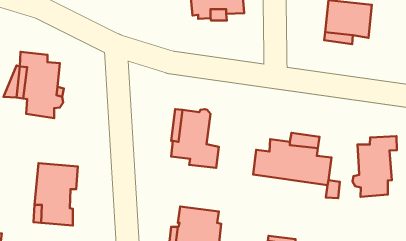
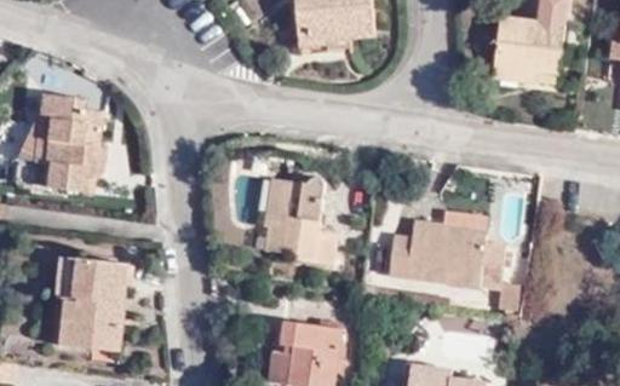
building: [352,136,397,197] -> none

